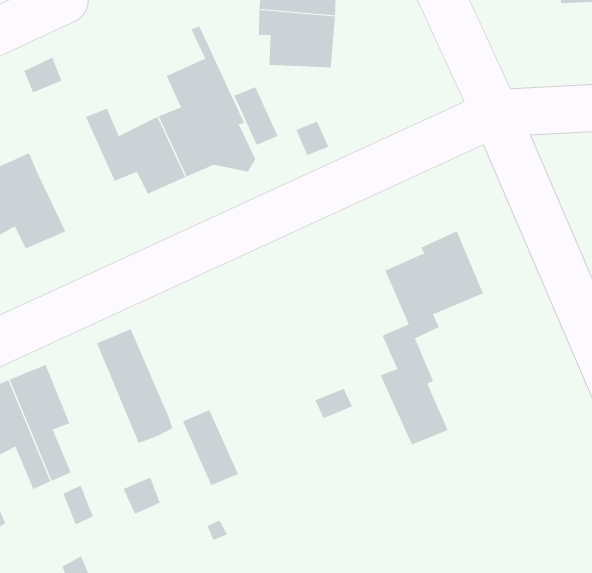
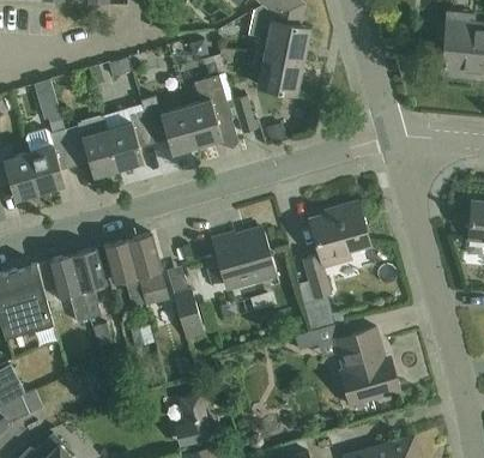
building: none -> [107,101,152,169]
building: none -> [202,227,276,287]
building: none -> [104,240,144,308]
building: none -> [294,321,400,404]

